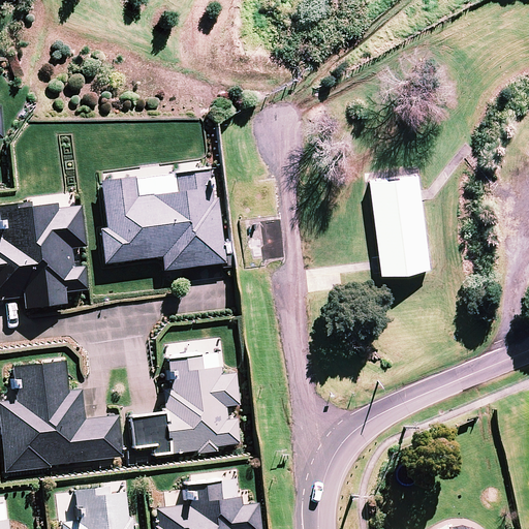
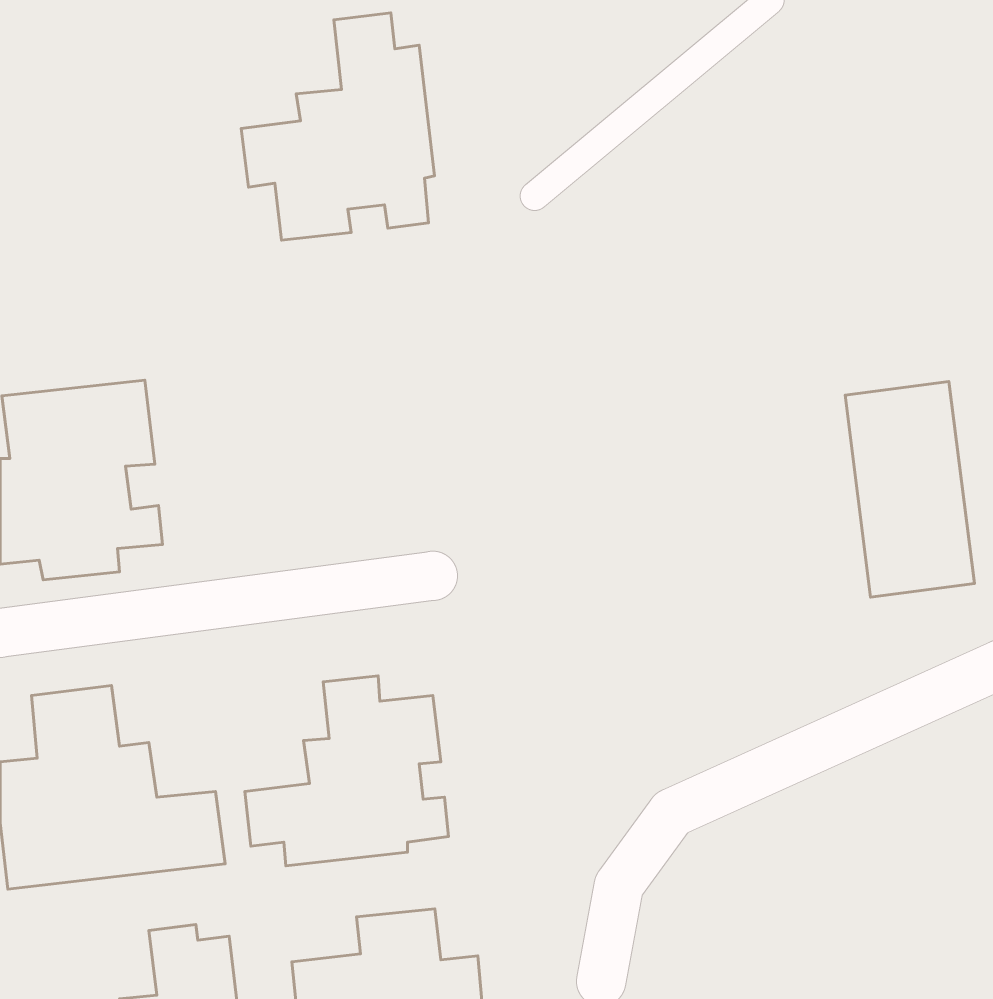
building: none -> [241,13,435,240]
building: [356,166,425,280] -> [845,382,974,597]
building: [103,169,225,270] -> none

